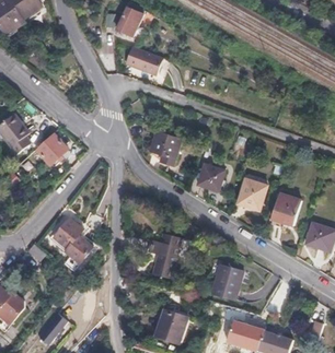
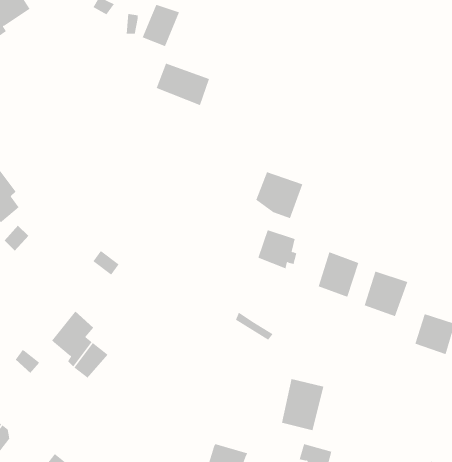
building: [149,131,182,164] -> [255,171,303,219]
building: [37,132,68,164] -> none
building: [149,231,183,278] -> none

